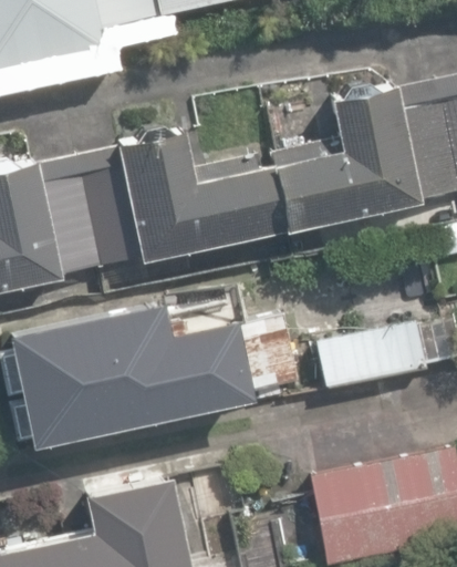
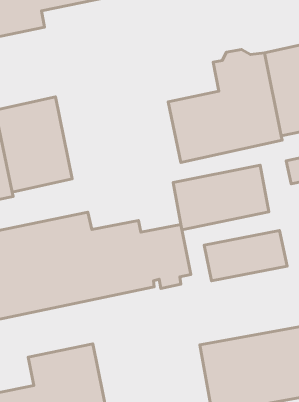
building: [120,126,287,266] -> none
building: none -> [173,165,269,230]

